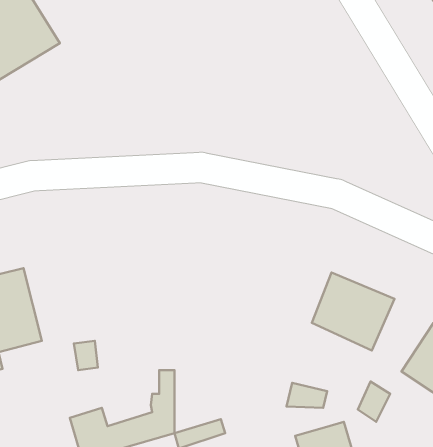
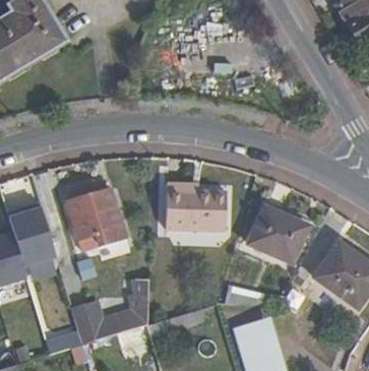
building: none -> [164,182,225,232]
building: none -> [67,188,126,245]

